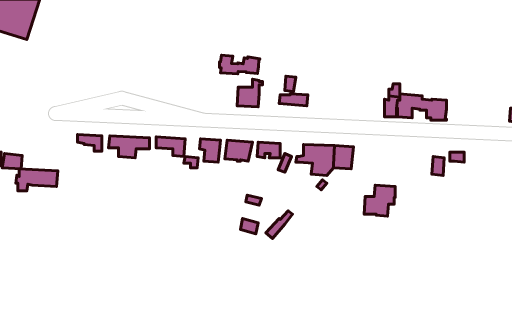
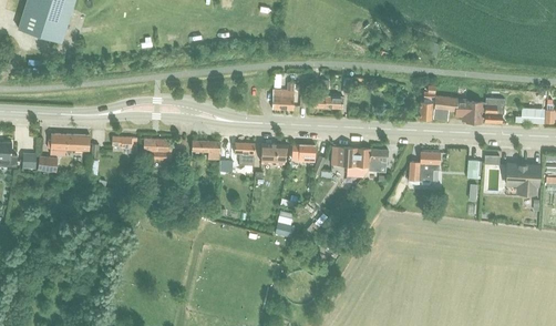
building: [220,55,260,74] -> none
building: none -> [481,98,504,122]
building: none -> [506,164,538,193]
building: [16,169,58,191] -> [48,132,90,154]
building: [364,185,395,216] -> [409,151,440,182]

